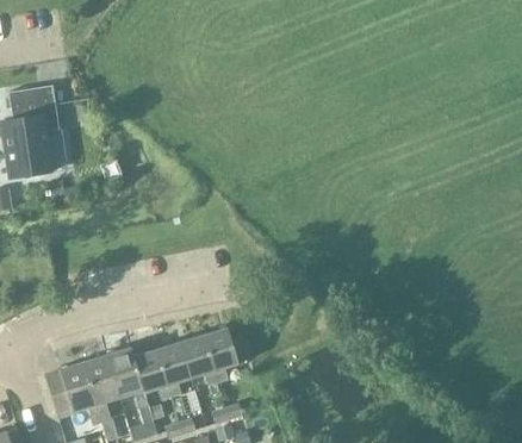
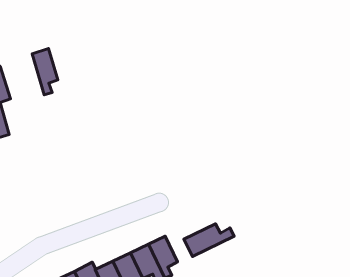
building: none -> [32,49,58,95]
building: none -> [184,224,234,256]

